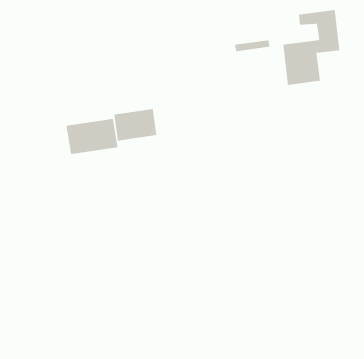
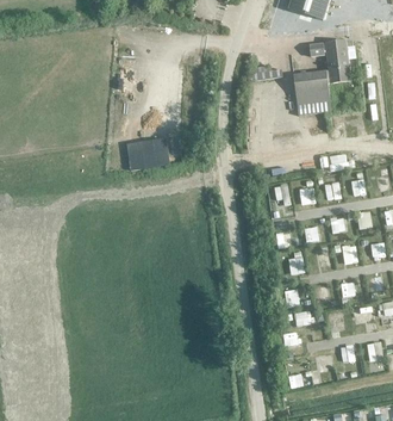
building: [66,118,118,155] -> none

